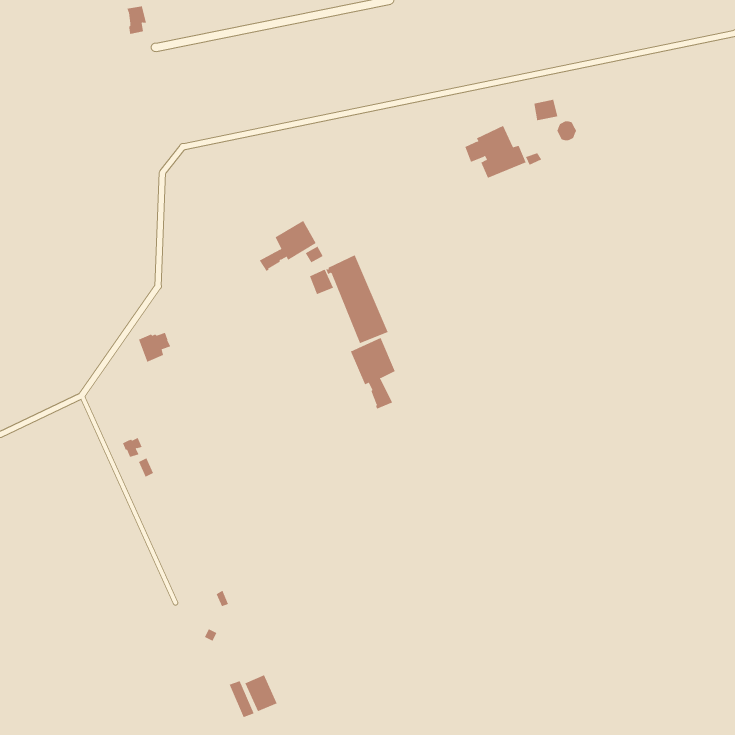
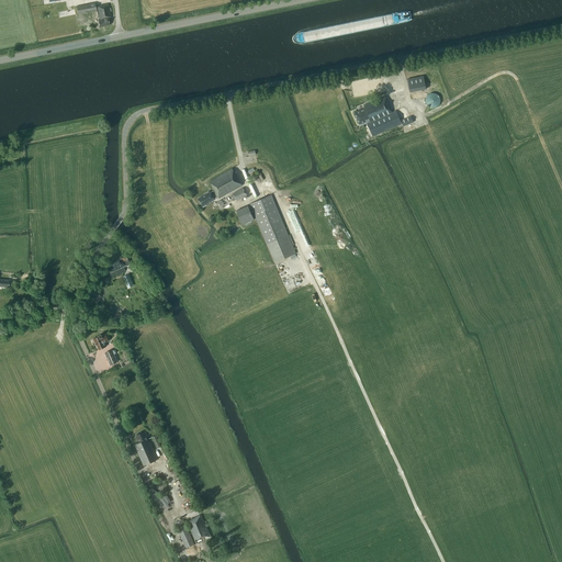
building: [350,337,395,409] -> none
building: none -> [135,431,158,465]

